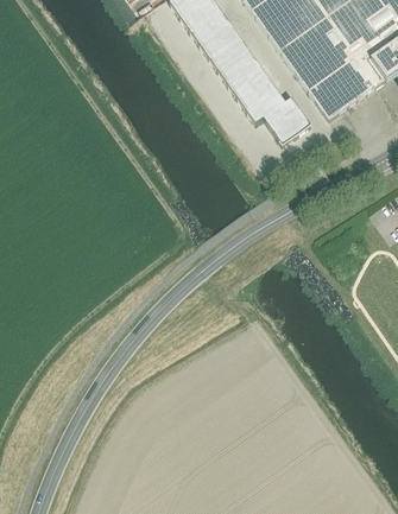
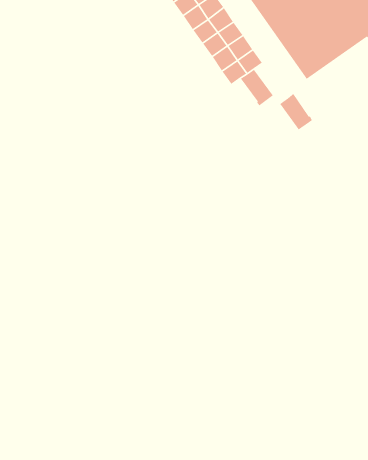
building: [277,95,310,132] -> [279,93,313,130]

